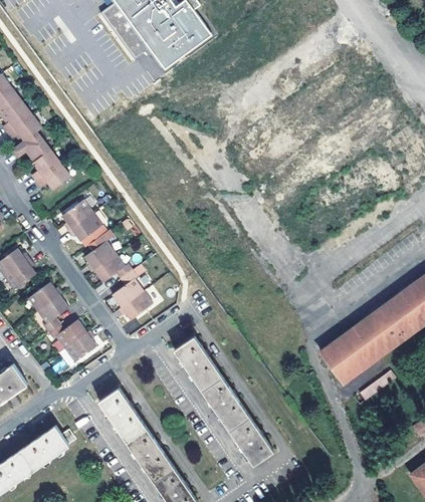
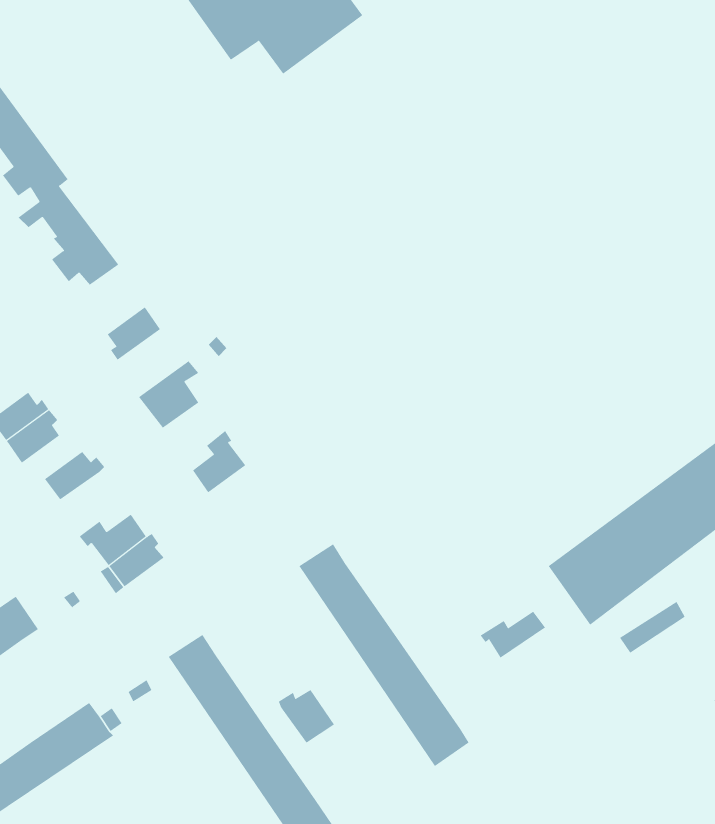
building: [69,214,103,243] -> none
building: [95,256,132,283] -> none
building: [119,292,153,321] -> none
building: [36,296,68,333] -> none
building: none -> [480,611,546,658]
building: none -> [278,689,335,743]

